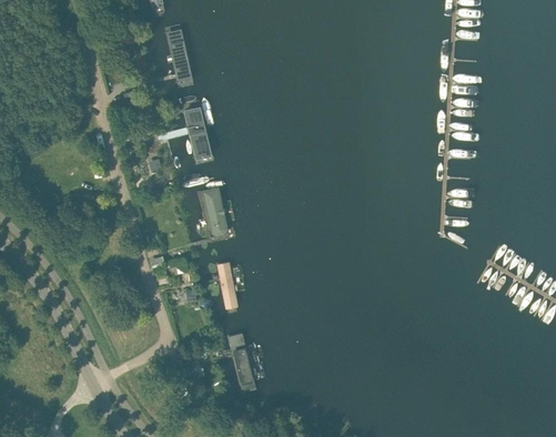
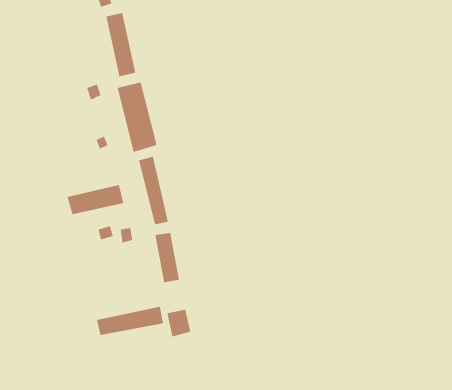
building: none -> [66,184,124,215]
building: none -> [96,306,164,336]

